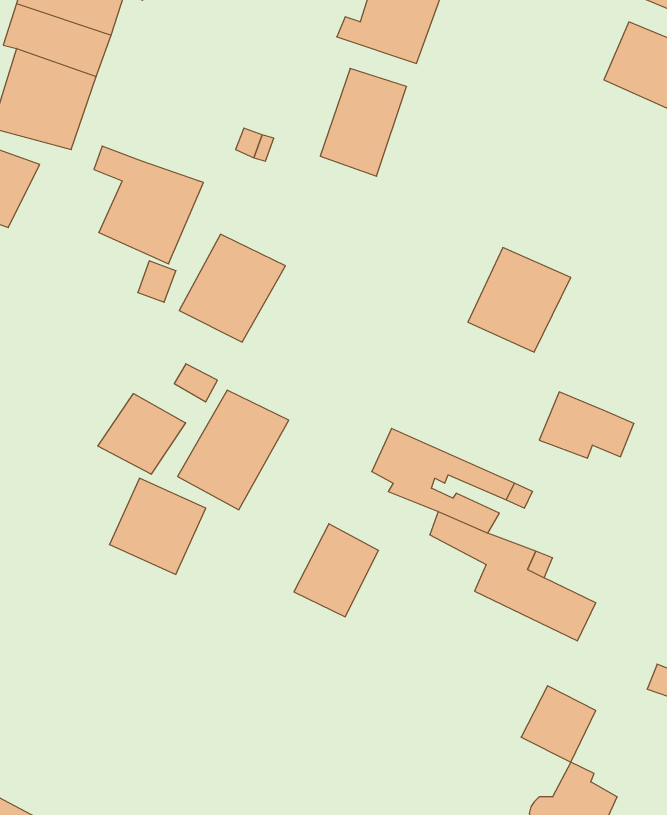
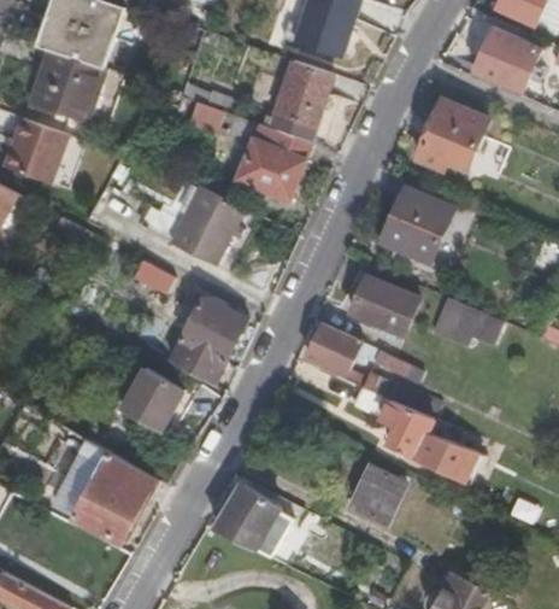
building: none -> [416,104,488,174]
building: [94,146,203,264] -> [235,115,314,200]
building: none -> [349,276,416,344]
building: [98,394,186,474] -> none
building: [294,524,379,617] -> [218,486,280,554]
building: none -> [57,435,154,539]
building: [521,686,596,762] -> [349,467,404,522]

